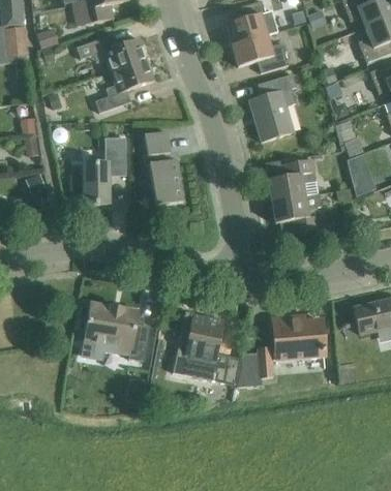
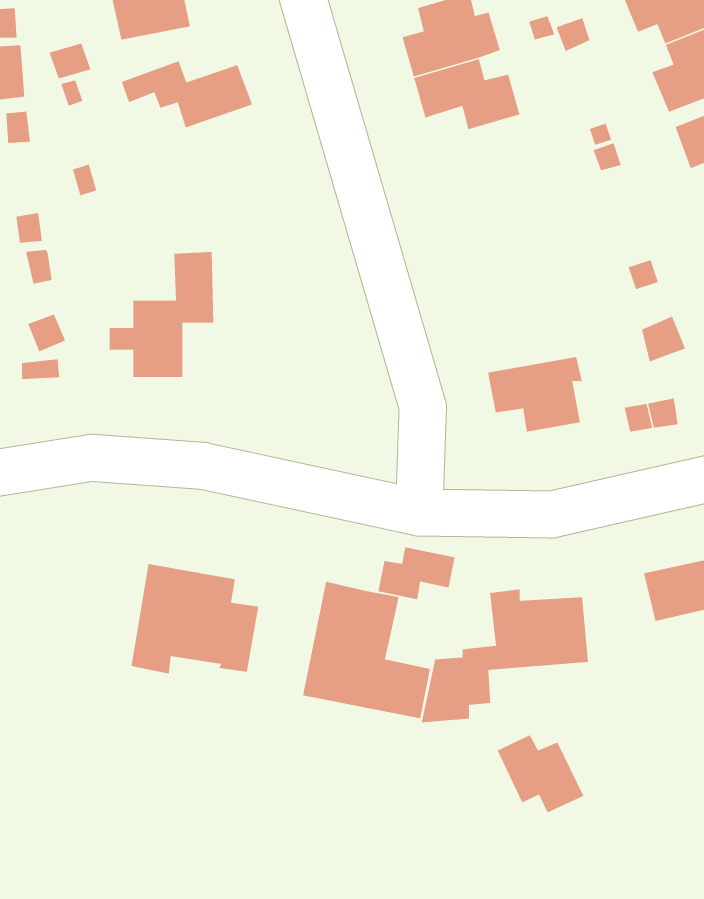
building: [95,59,154,112] -> none
building: [249,73,296,141] -> none
building: [144,130,183,205] -> none
building: [268,158,318,201] -> none
building: none -> [378,547,455,600]
building: none -> [496,734,584,813]

